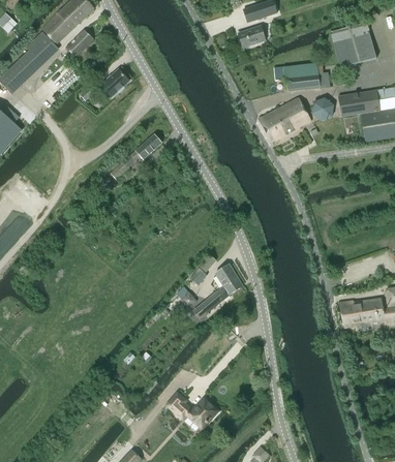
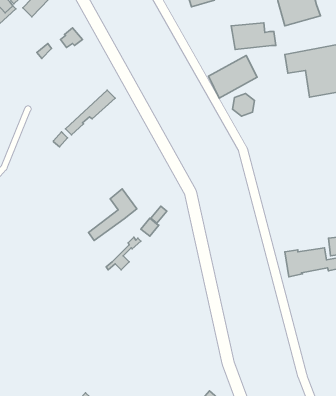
building: [310,97,333,121] -> [233,93,254,116]
building: [192,264,243,317] -> [88,189,137,241]
building: [174,398,218,427] -> none

